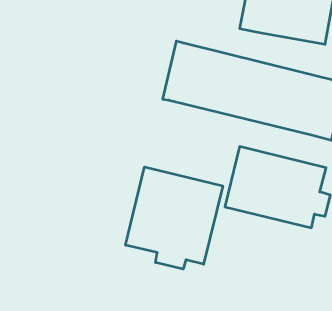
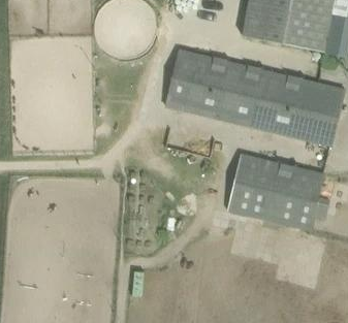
building: [126,167,223,269] -> none

